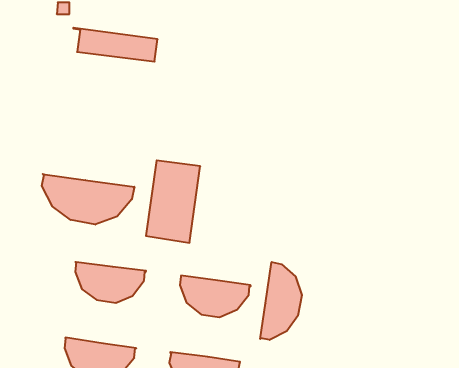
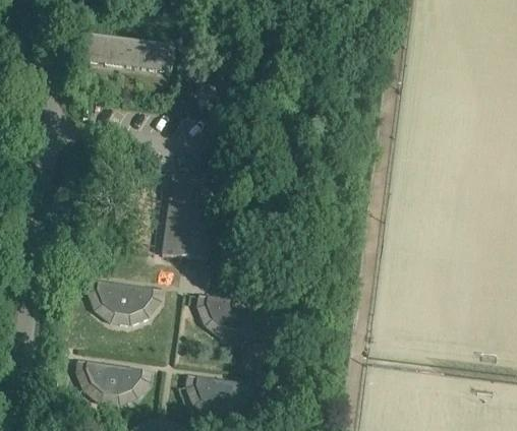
building: [42,174,134,225] -> none
building: [260,262,302,340] -> none

